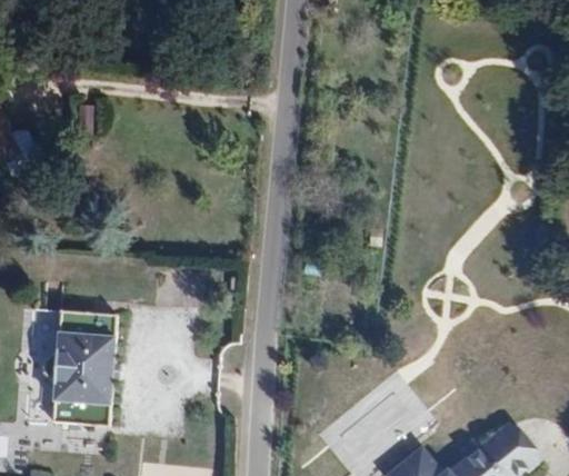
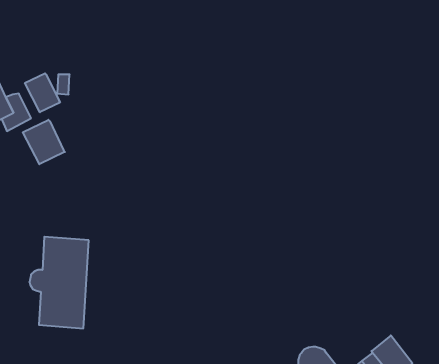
building: none -> [25,73,60,112]
building: none -> [23,120,65,164]

